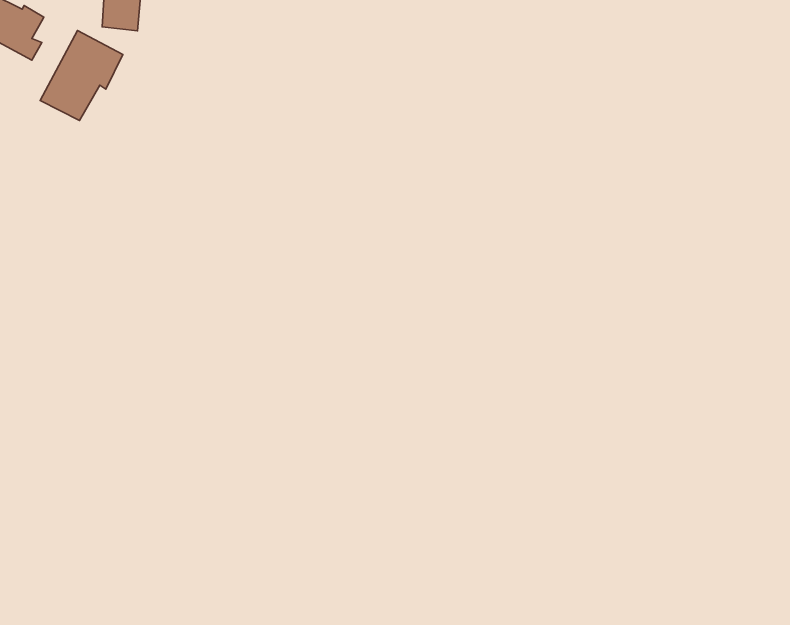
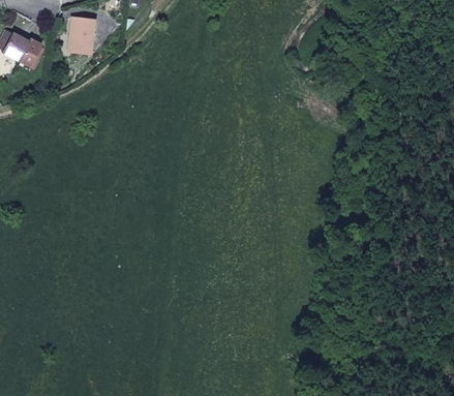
building: [40,30,123,120] -> none

